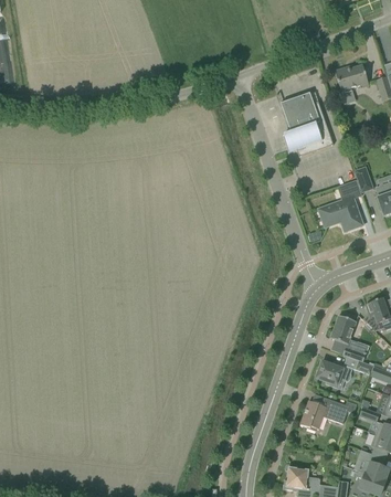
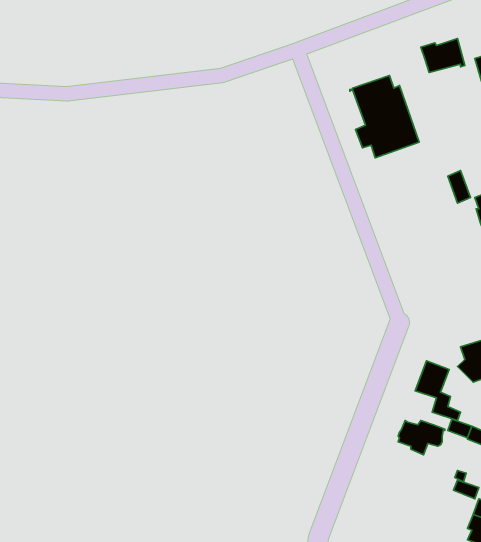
building: [318,181,362,231] -> none
building: [299,398,357,432] -> none

